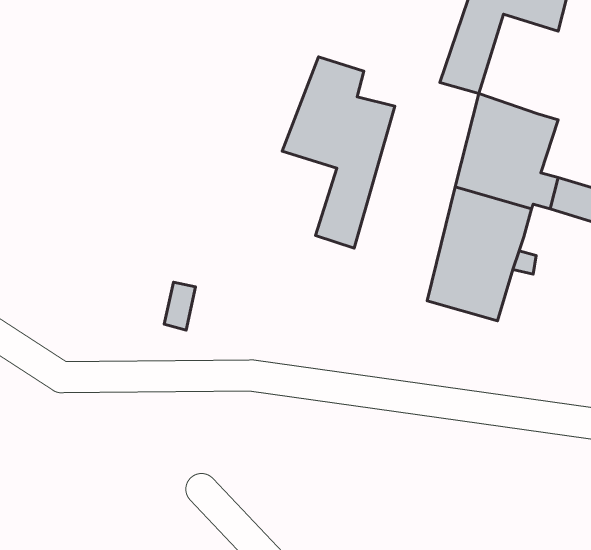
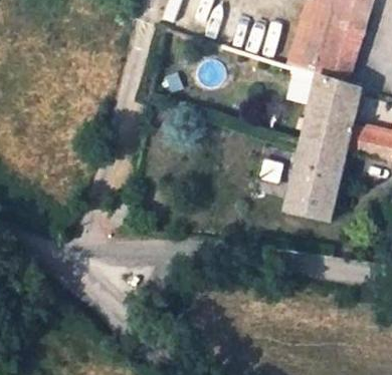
building: none -> [314,20,365,84]
building: [282,57,395,248] -> none

